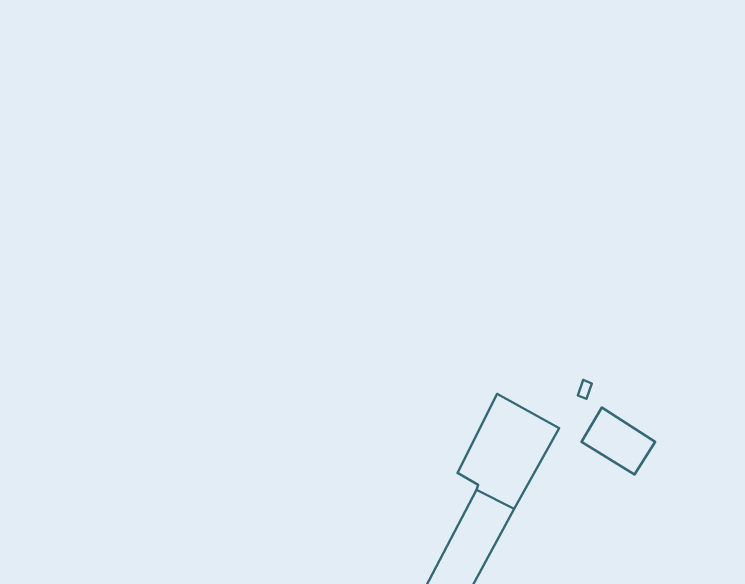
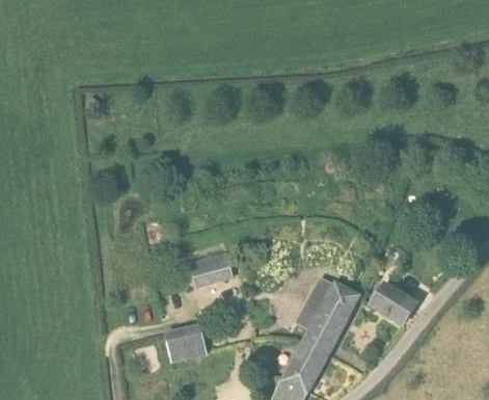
building: none -> [188,251,234,288]
building: none -> [164,324,206,359]

